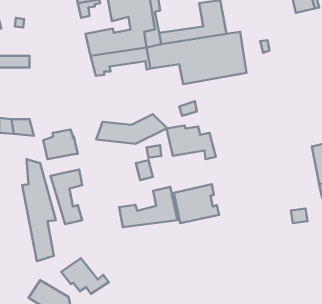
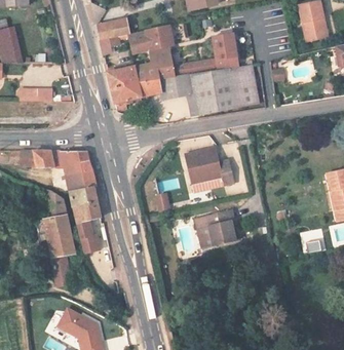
building: [96,114,167,144] -> none
building: none -> [63,147,90,168]
building: none -> [68,182,99,203]
building: [119,187,177,227] -> none
building: [61,258,109,294] -> none

